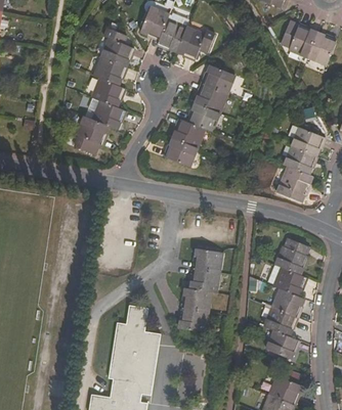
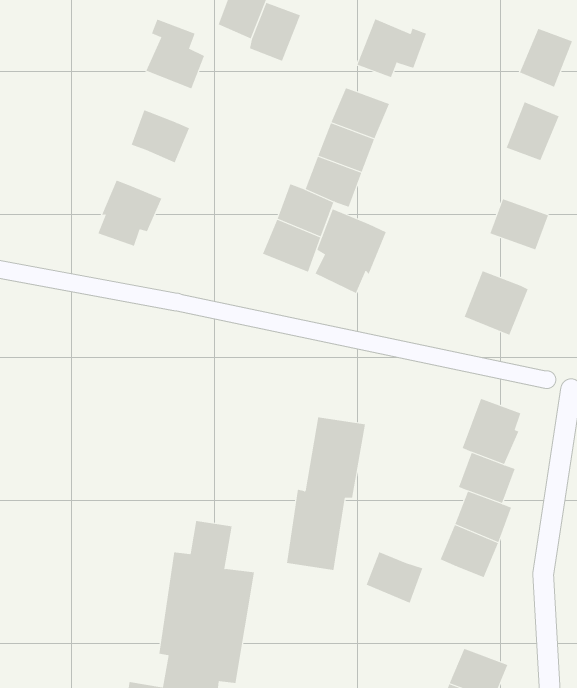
building: [288,25,317,57] -> [506,101,559,161]
building: [176,26,215,58] -> [356,19,427,78]
building: [93,56,126,85] -> none
building: [92,100,125,130] -> none
building: none -> [315,209,386,294]
building: [284,146,316,175] -> none
building: [265,330,297,359] -> [366,552,423,603]

